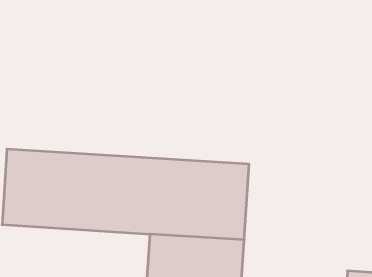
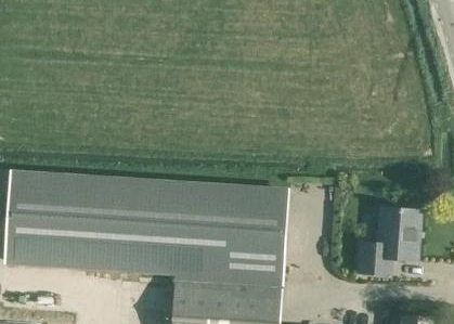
building: none -> [360,207,421,275]

